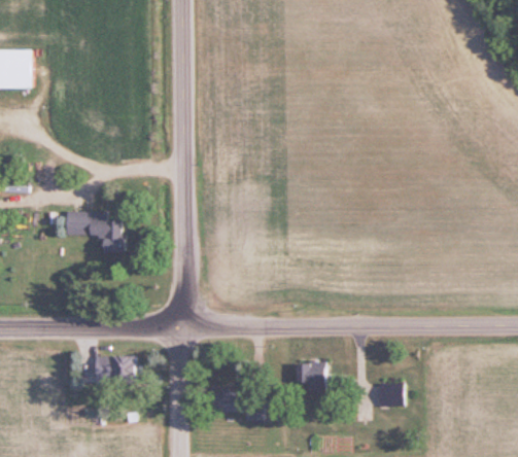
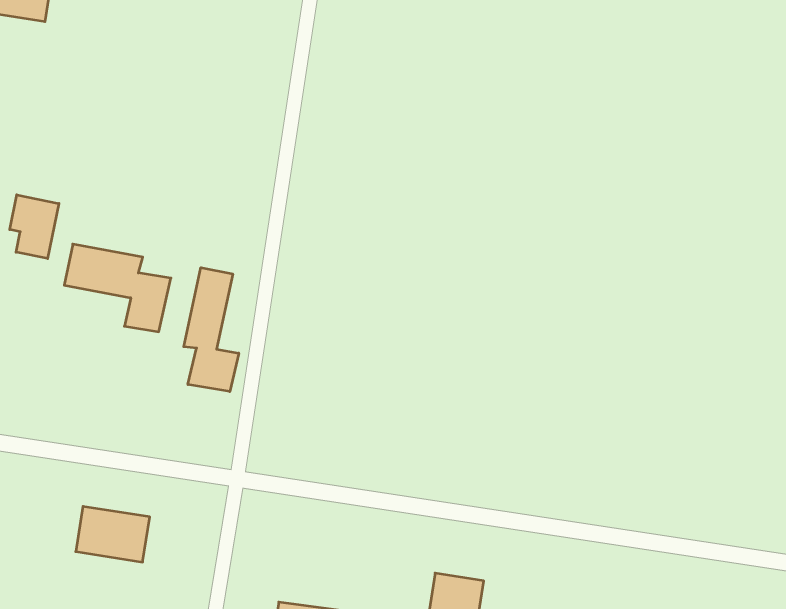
building: none -> [10,195,59,259]
building: none -> [184,268,239,392]

